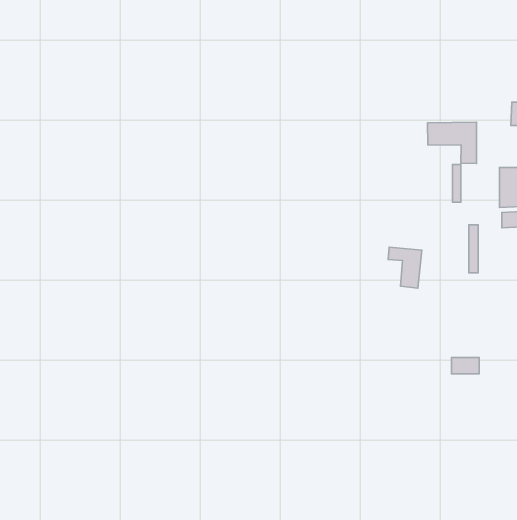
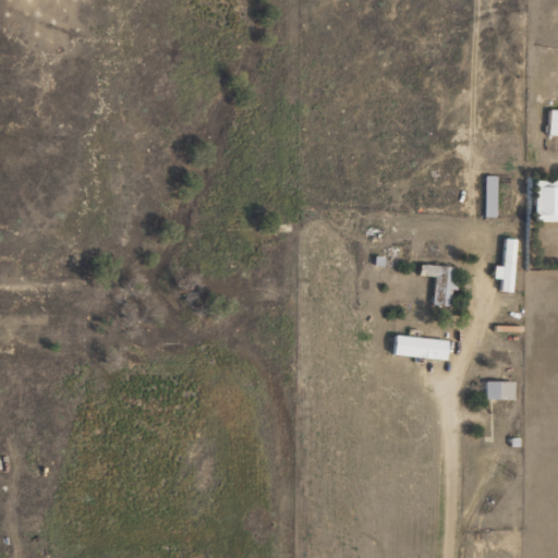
building: [427,122,477,163] -> none
building: none -> [392,336,449,360]

